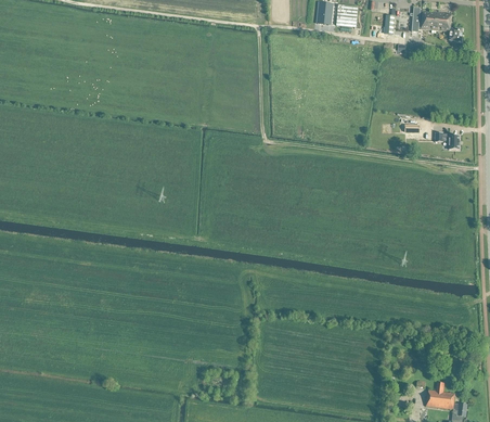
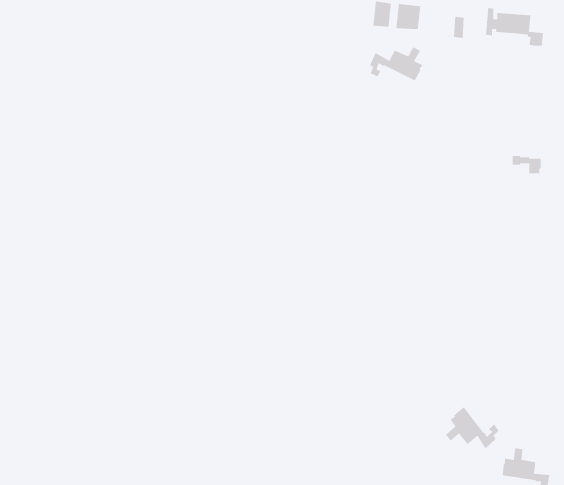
building: none -> [369,46,424,81]
building: none -> [445,406,500,450]

